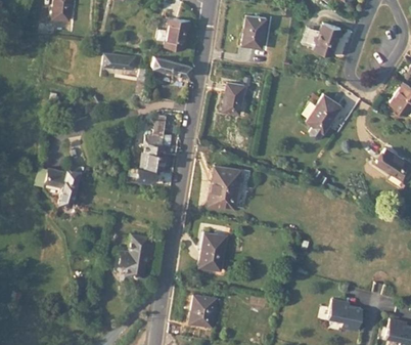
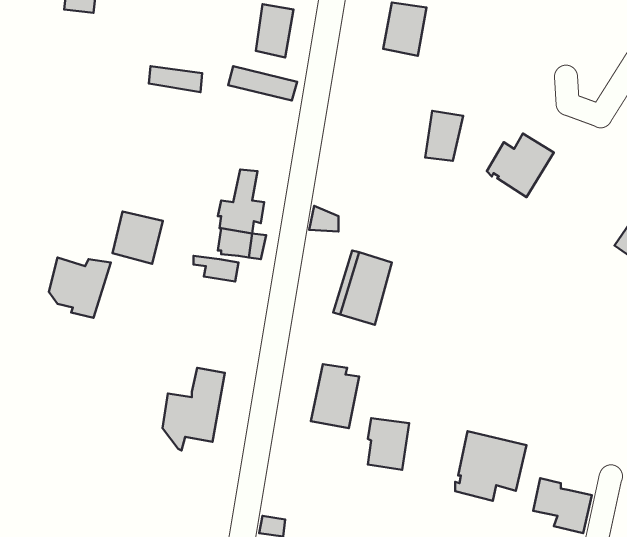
building: [315,21,340,54] -> none
building: [222,84,244,114] -> [425,111,463,161]
building: none -> [112,212,163,264]
building: none -> [455,431,527,501]
building: [191,295,216,326] -> [368,418,409,470]

